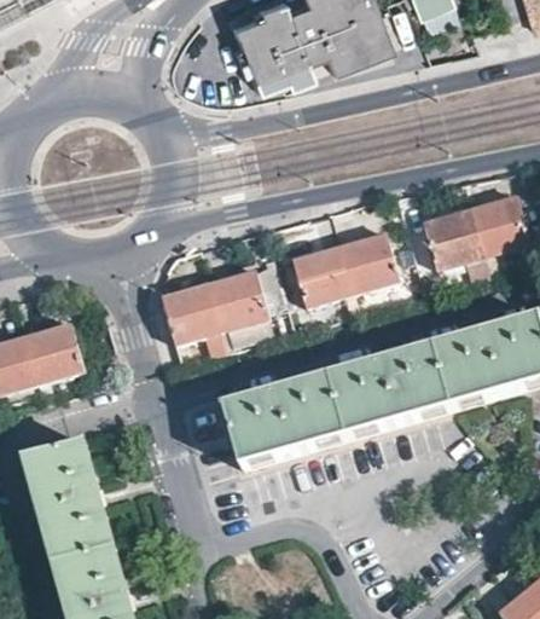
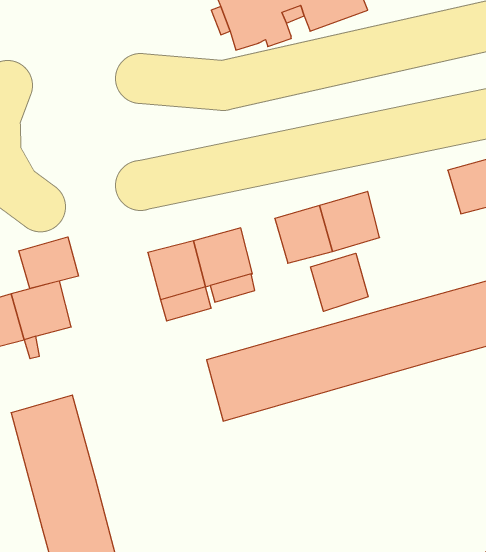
building: [422,209,482,267] -> none
building: none -> [19,237,78,289]
building: none -> [310,253,368,311]

